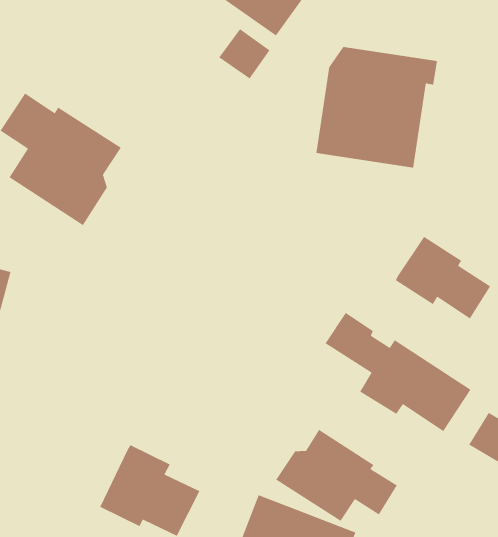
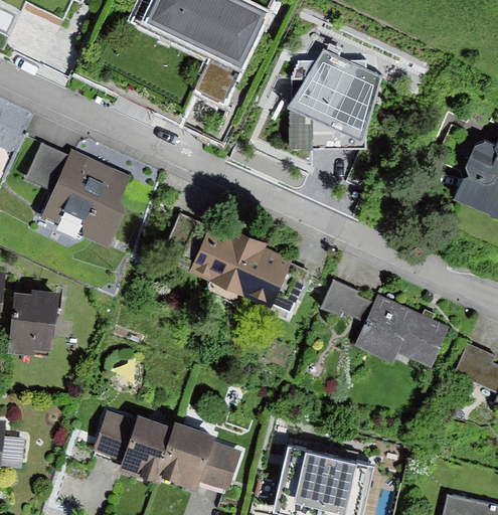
building: none -> [188,220,292,308]
building: [395,236,491,319] -> none
building: none -> [93,408,174,482]
building: [275,429,398,522] -> none

